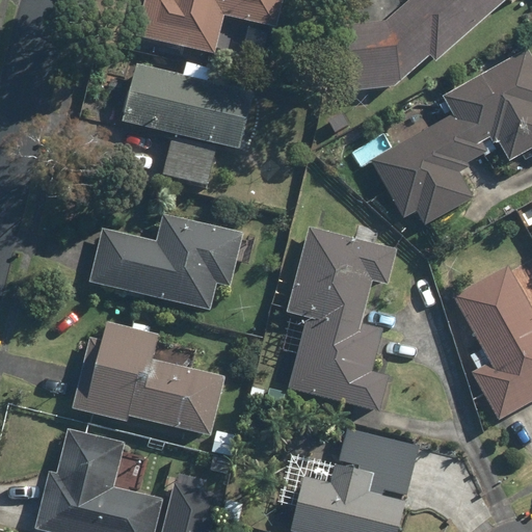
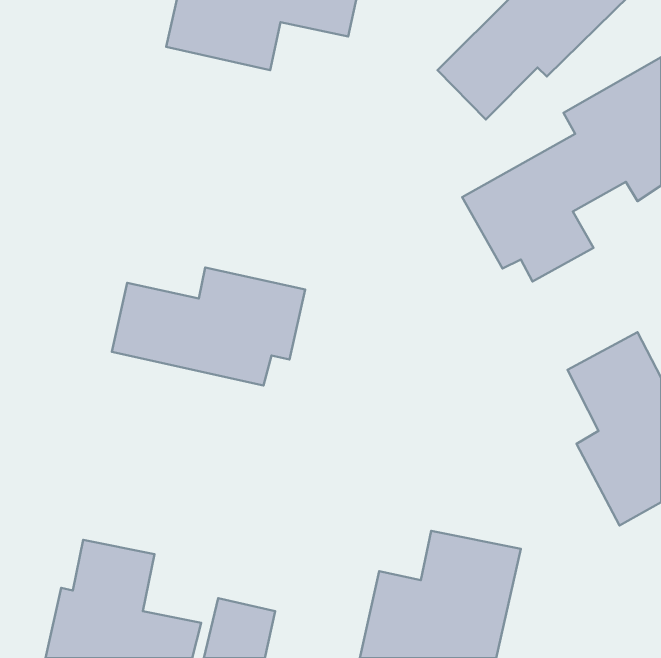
building: [119,60,255,184] -> none
building: [286,224,397,413] -> none
building: [72,322,225,434] -> none

